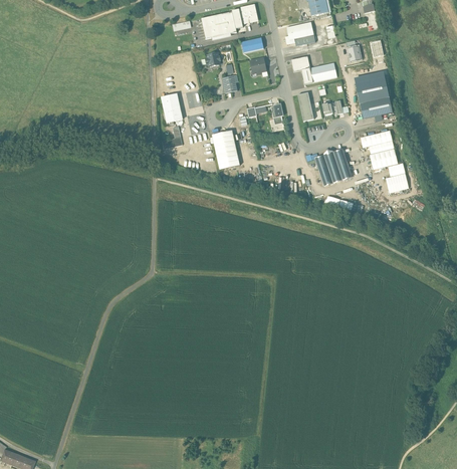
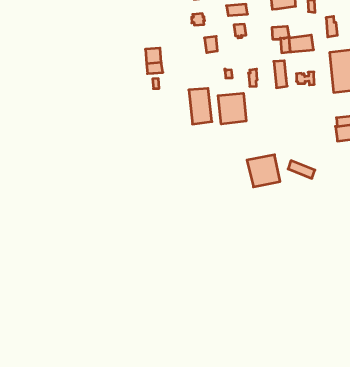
building: none -> [218,93,246,124]
building: [314,150,352,186] -> [247,155,280,187]

